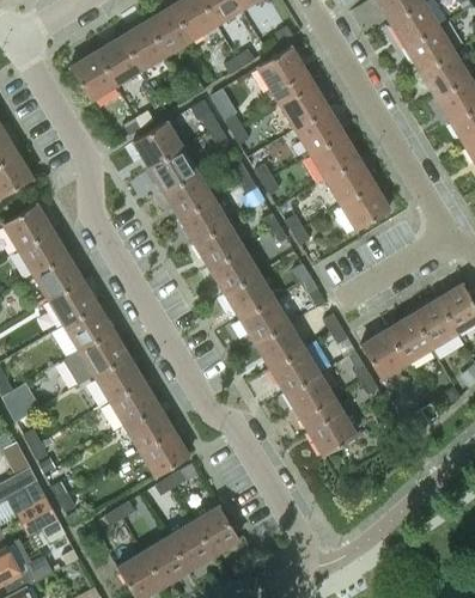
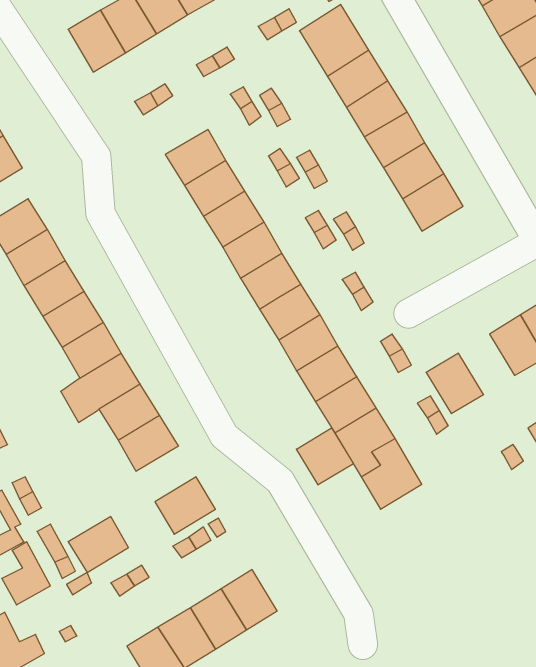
building: [133,122,183,169] -> none
building: [386,315,432,364] -> none
building: none -> [296,428,353,485]
building: [124,405,173,451] -> [68,517,128,573]

